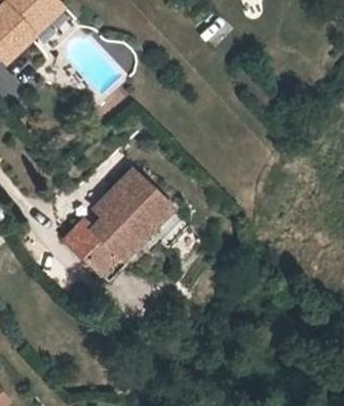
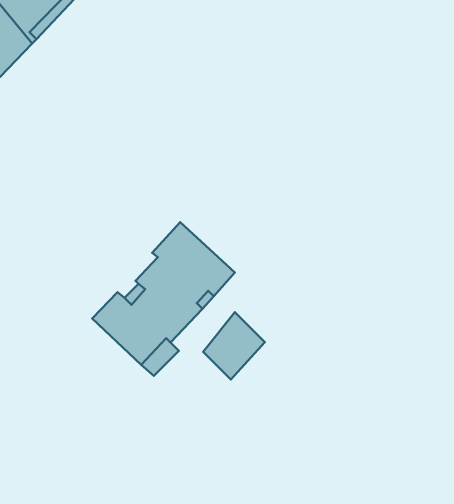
building: none -> [203,312,265,380]

